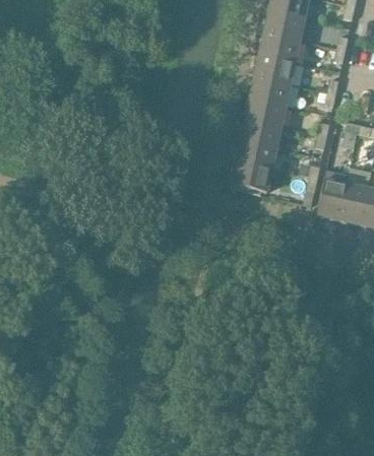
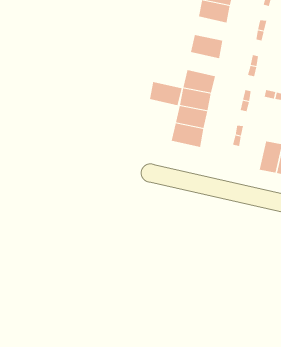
building: [260,31,301,61] -> none
building: [251,75,292,105] -> [149,82,182,106]
building: [317,170,350,219] -> none

